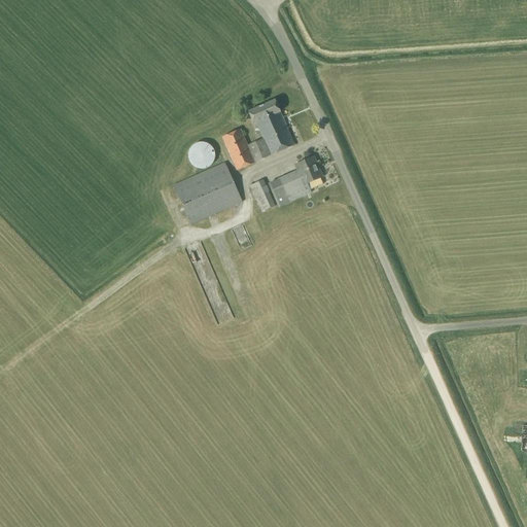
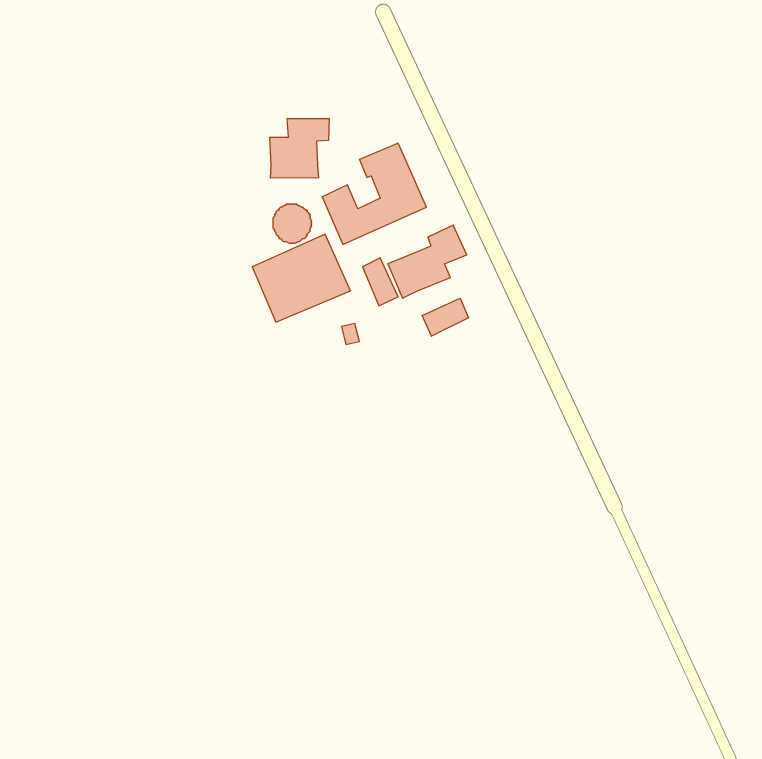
building: none -> [270,118,329,178]
building: none -> [422,298,468,336]

